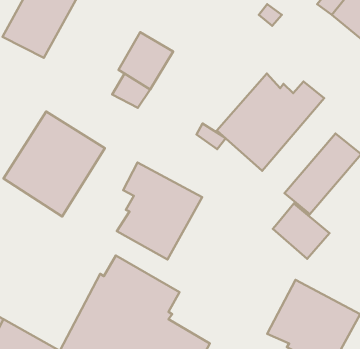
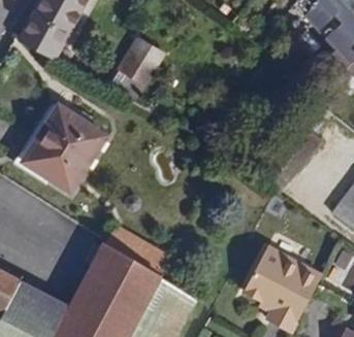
building: [217,74,324,171] -> none
building: [117,162,202,260] -> none
building: [273,203,329,259] -> none

